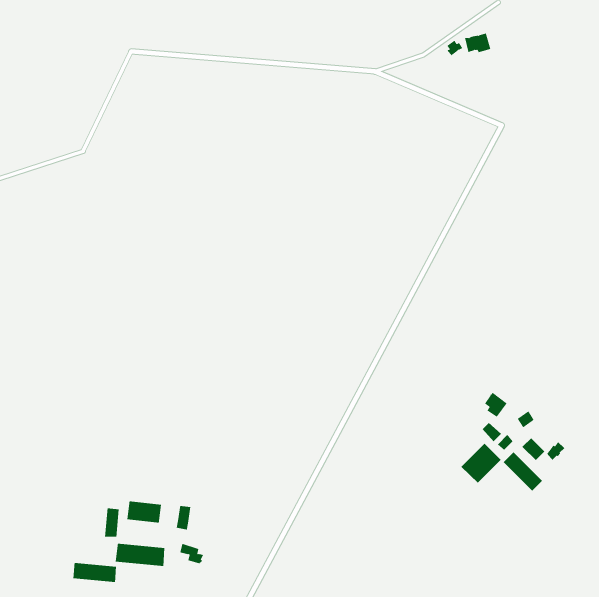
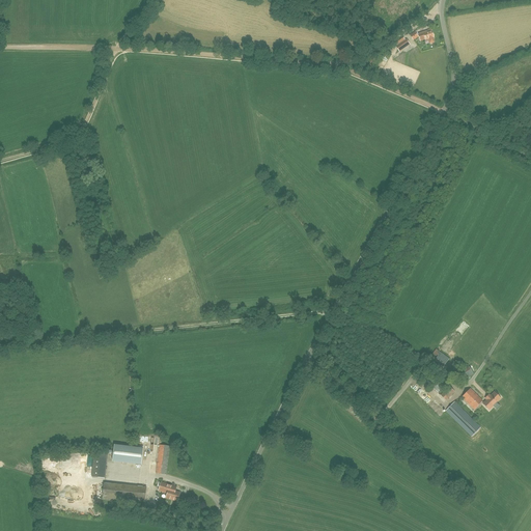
building: [461,443,502,484] -> none
building: [73,562,117,583] -> none

